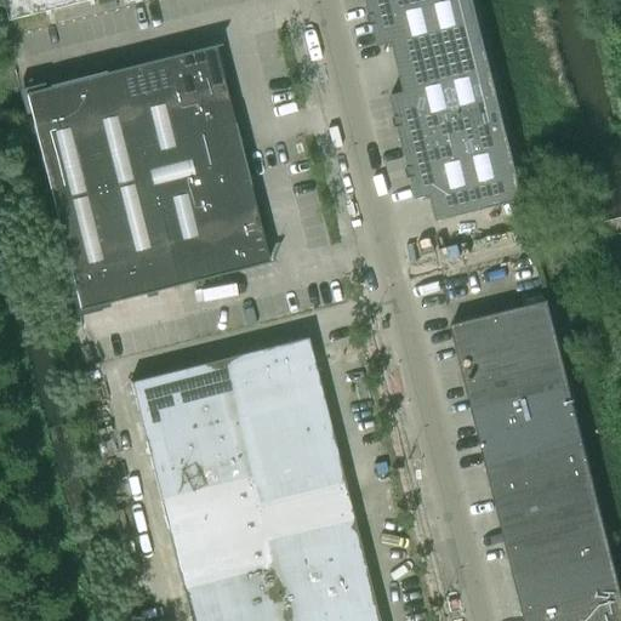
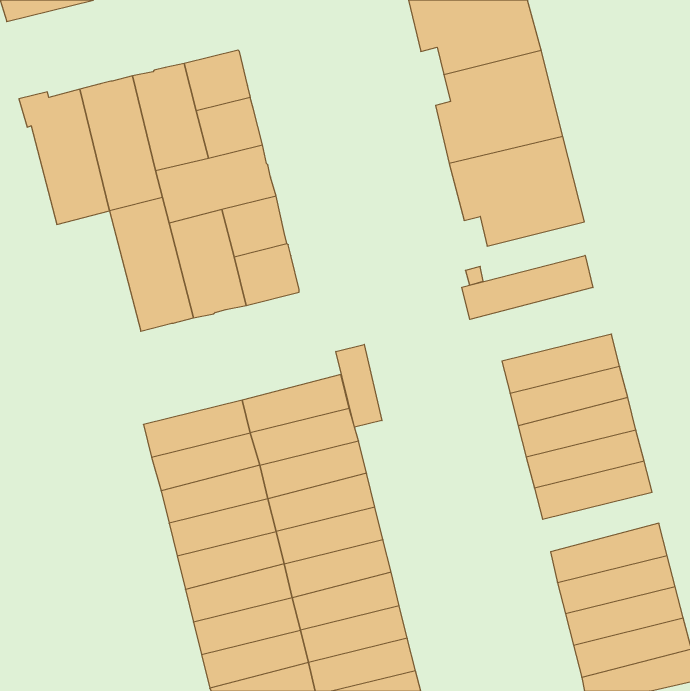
building: [52,189,127,315] -> none
building: none -> [462,255,593,319]
building: none -> [336,344,382,427]
building: [488,441,592,495] -> none

